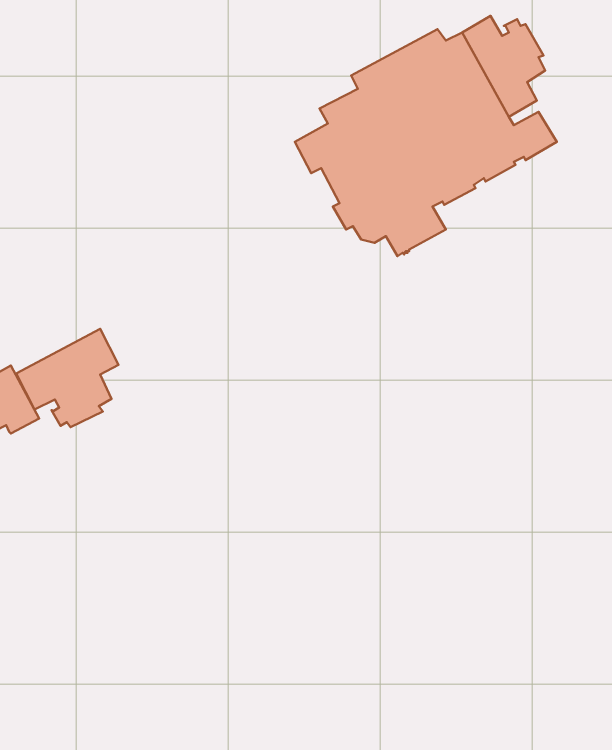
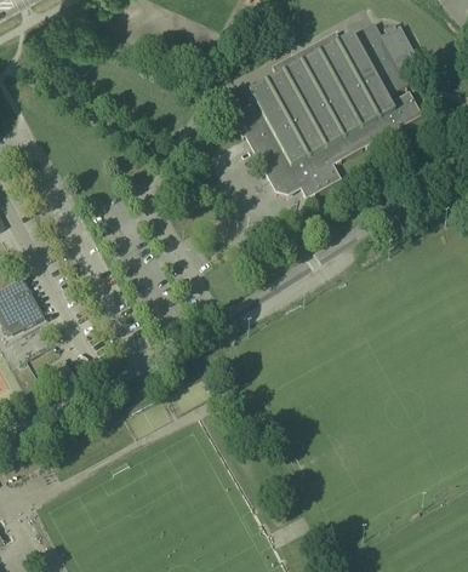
building: [16,329,118,427] -> none

